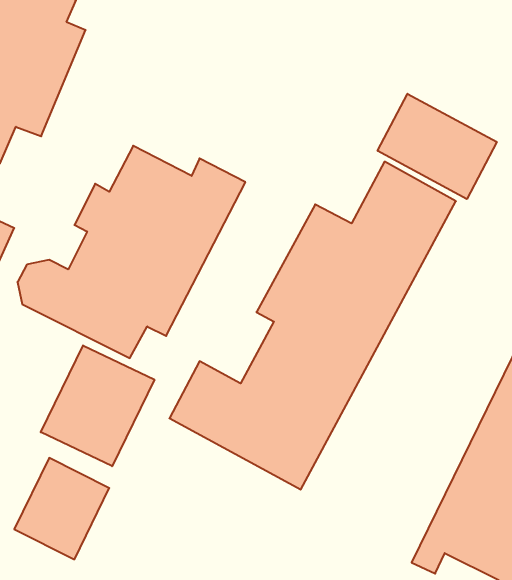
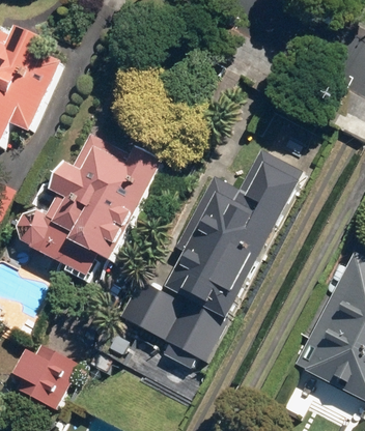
building: [378,94,497,199] -> none
building: [41,345,154,466] -> none

